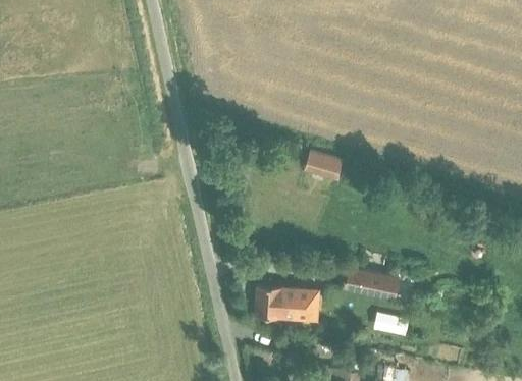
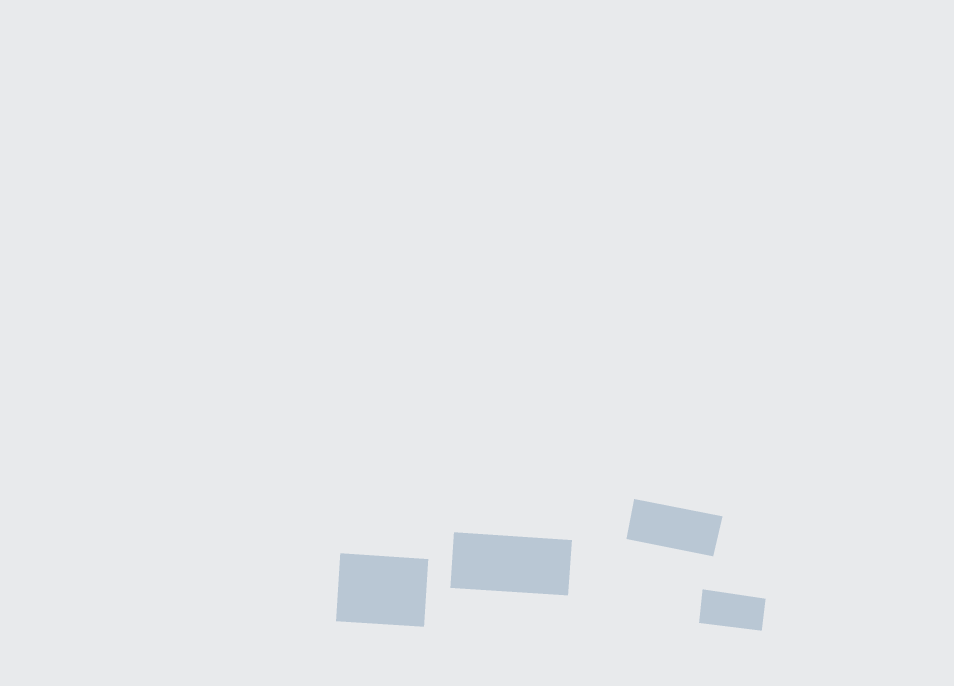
building: [304,152,342,182] -> none
building: none -> [335,553,429,628]

